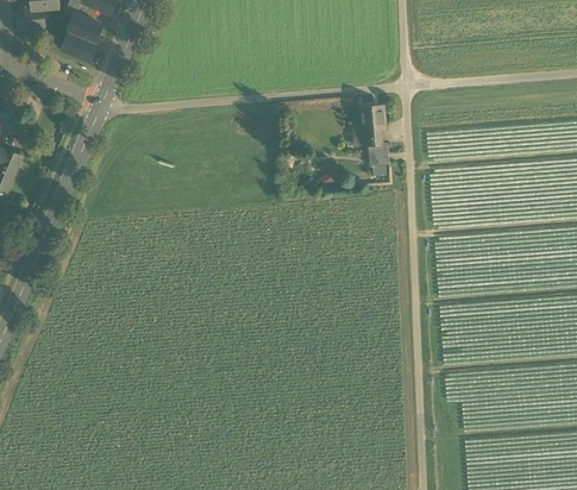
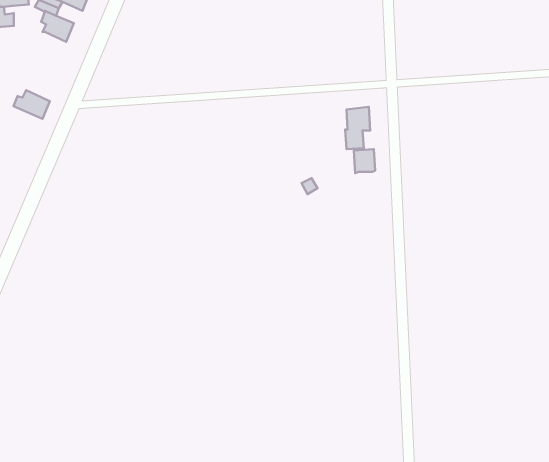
building: [61,33,95,61] -> [14,90,50,119]

